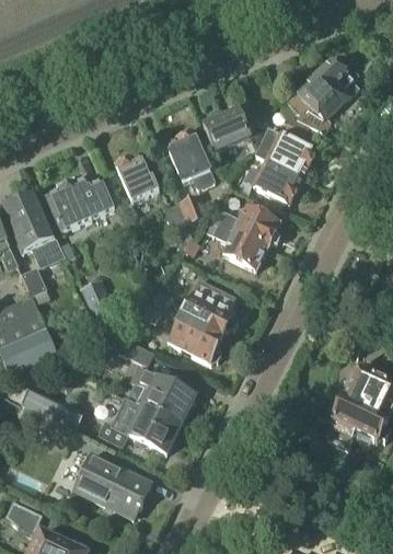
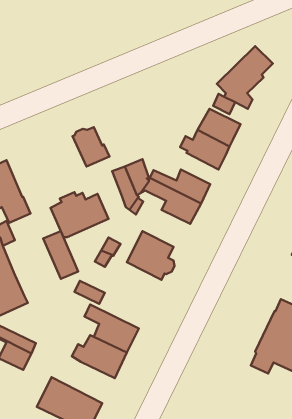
building: [201,108,251,151] -> none
building: [167,128,213,187] -> none
building: [45,176,114,230] -> [51,192,108,237]
building: [166,314,221,361] -> none

